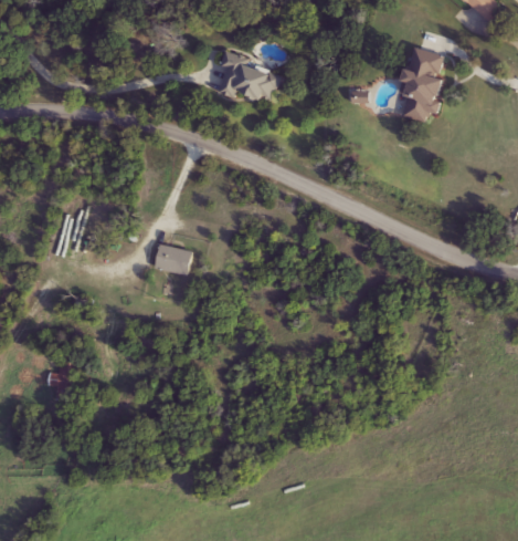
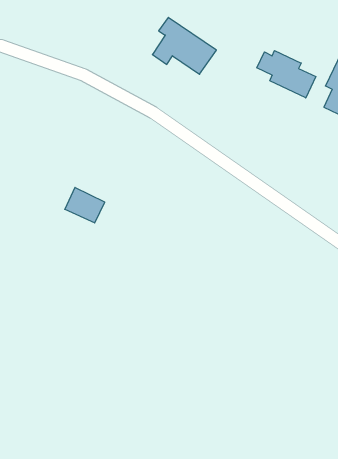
building: none -> [257,51,316,98]

